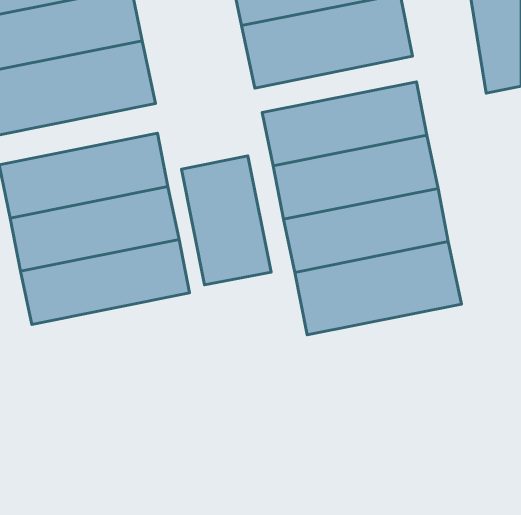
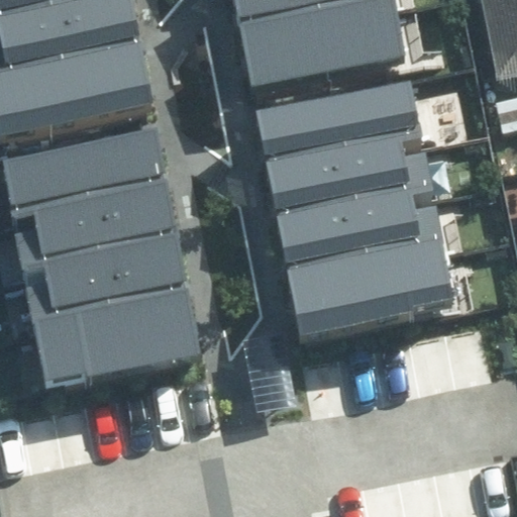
building: [182,156,271,285] -> none
building: none -> [31,289,200,382]

